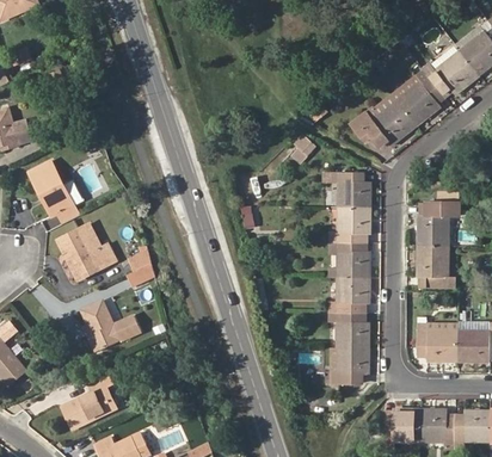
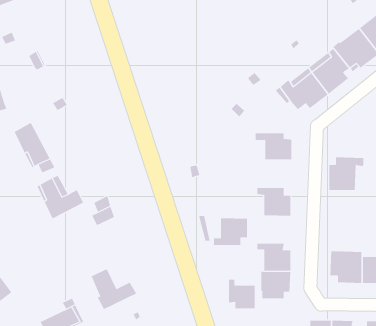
building: [328,208,373,242] -> none
building: [418,246,459,286] -> none
building: [328,277,371,311] -> [213,218,248,246]
building: [78,301,135,352] -> [91,268,137,310]
building: none -> [229,279,255,309]

